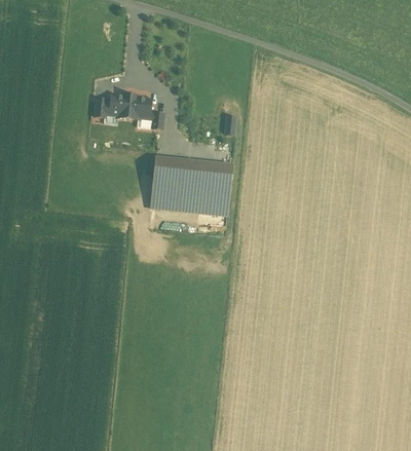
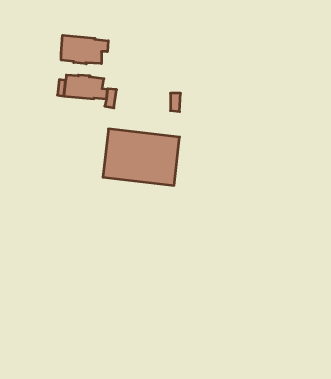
building: none -> [61,35,108,64]

